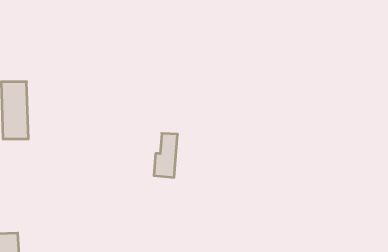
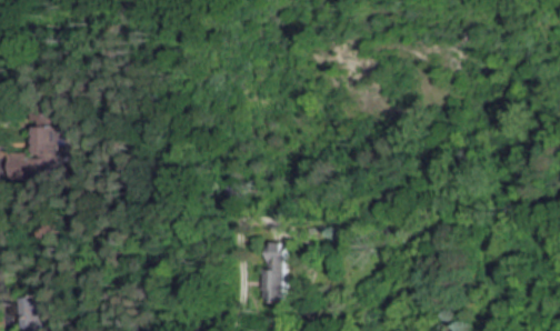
building: [154,133,178,177] -> [254,243,284,299]

